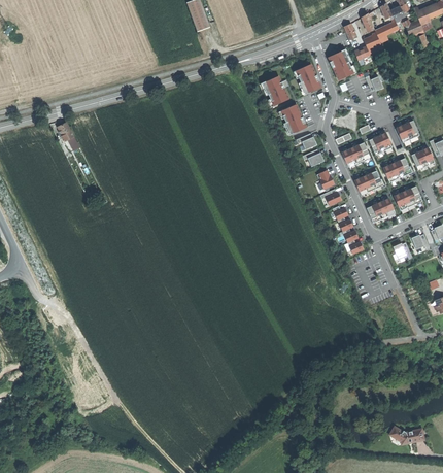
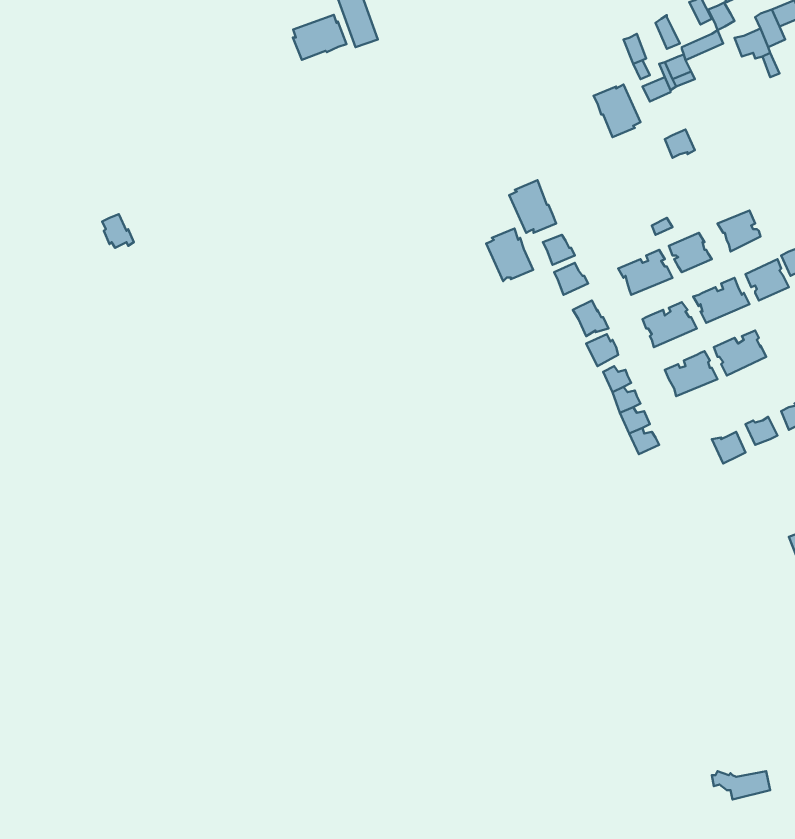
building: none -> [293,15,347,60]
building: [297,64,321,93] -> none
building: [264,76,289,105] -> [486,229,533,281]

